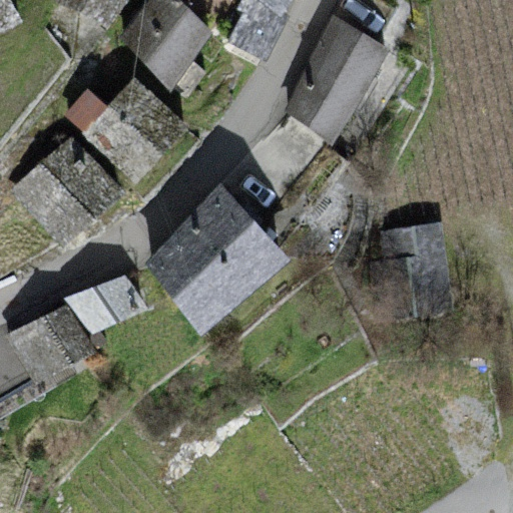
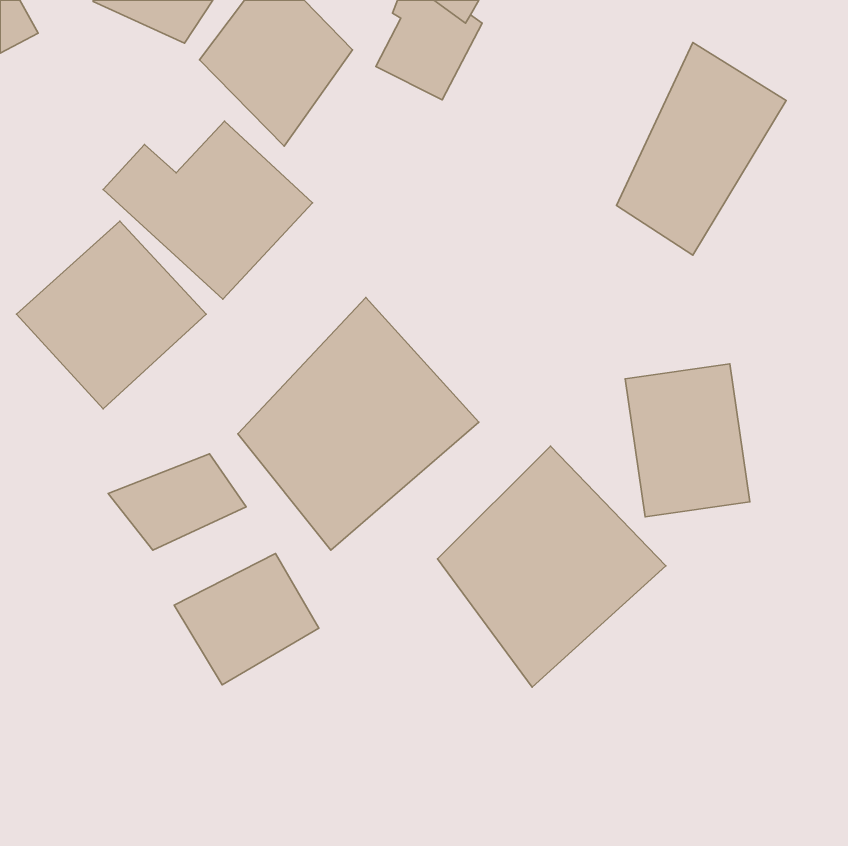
building: [287,14,389,142] -> [616,42,786,255]
building: none -> [438,446,666,687]
building: [6,305,93,384] -> [174,553,319,685]

